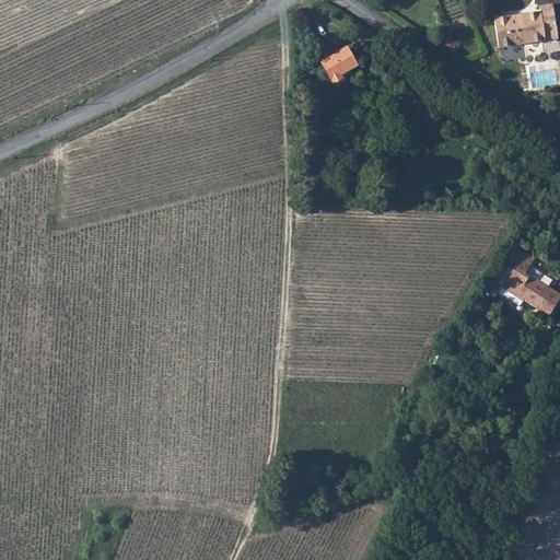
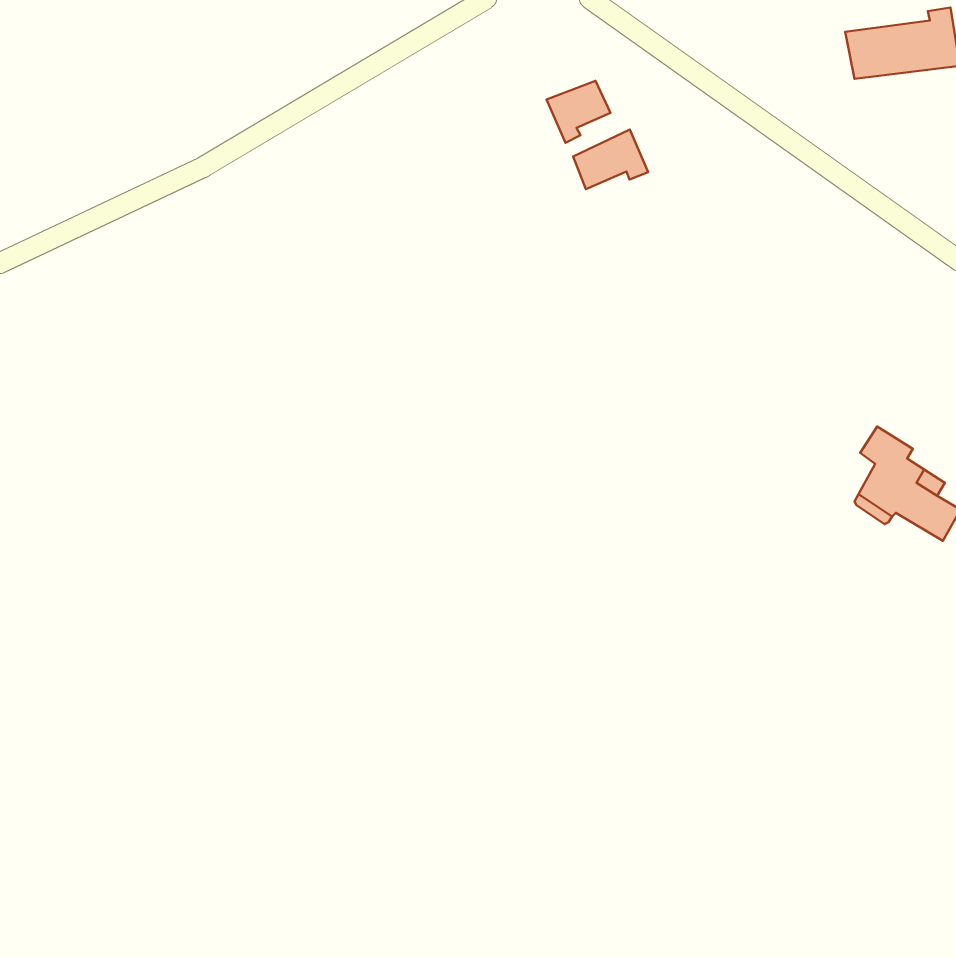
building: none -> [573,130,648,189]

